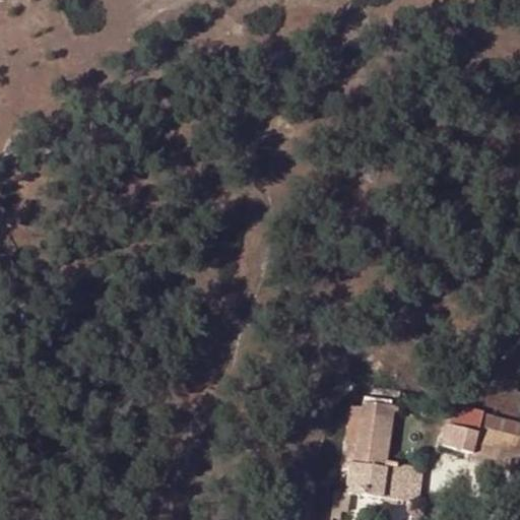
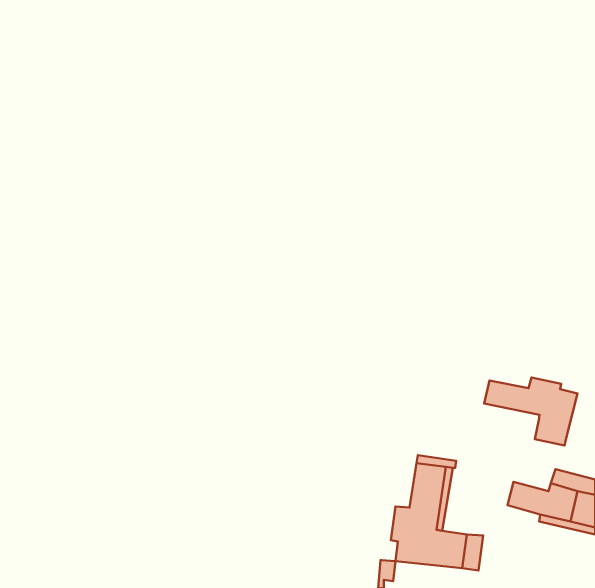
building: none -> [484,377,578,446]

